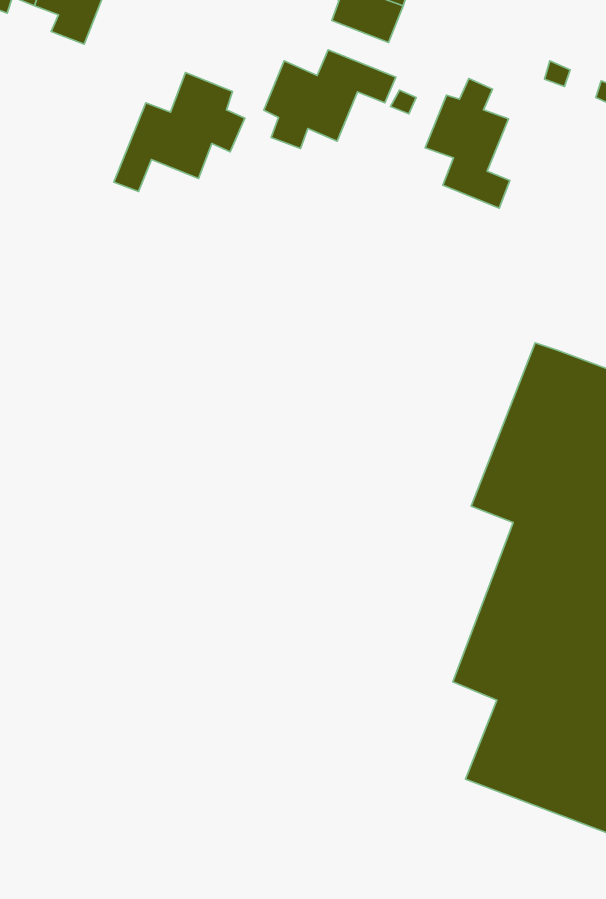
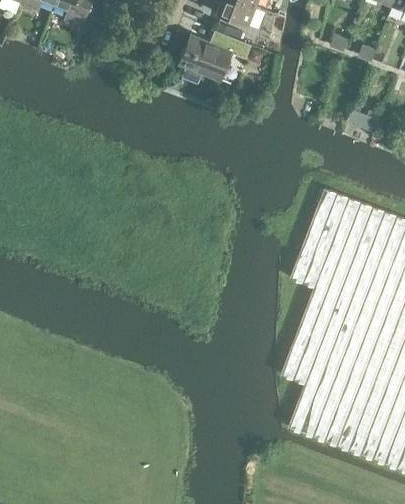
building: [114,73,245,192] -> none
building: [425,78,510,208] -> none

